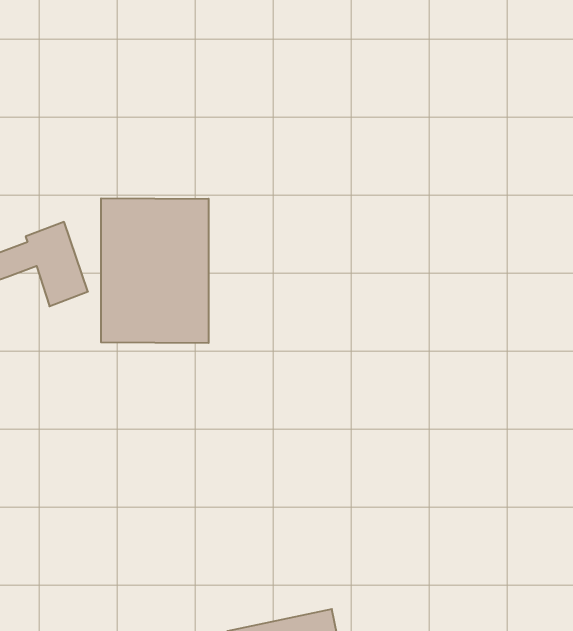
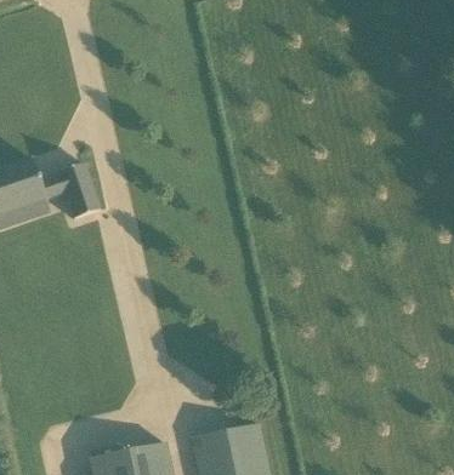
building: [101,198,209,343] -> none

